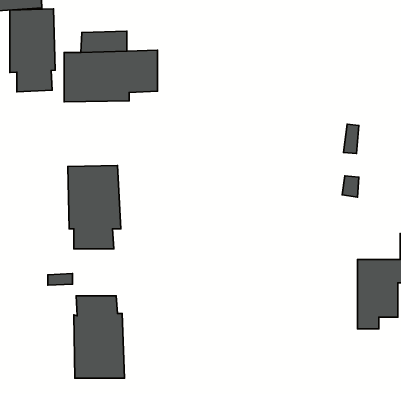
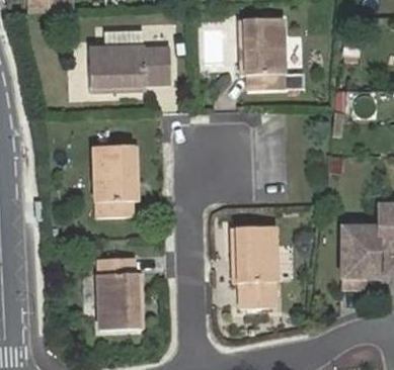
building: [10,9,55,92] -> none
building: none -> [240,18,305,88]
building: none -> [237,226,278,308]

